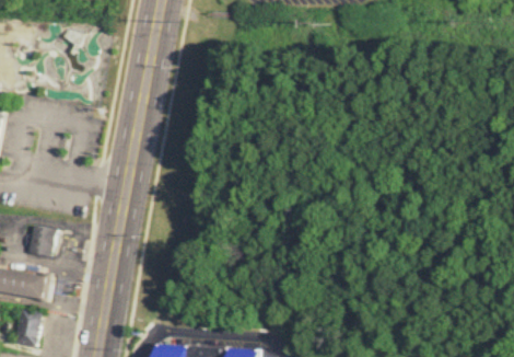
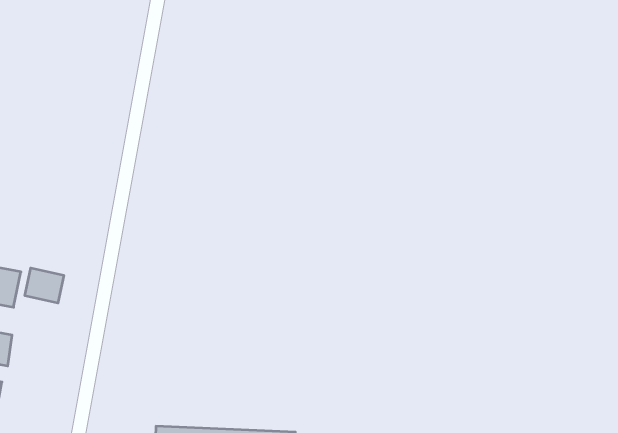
building: none -> [25,268,64,303]

